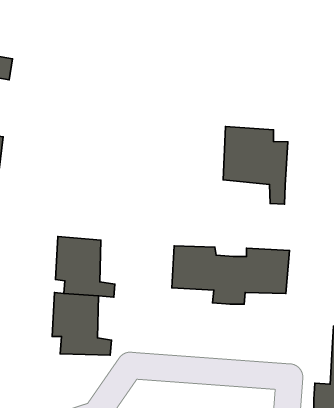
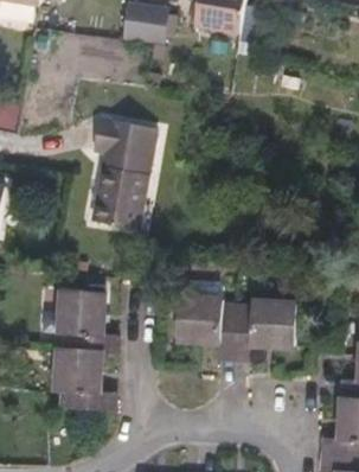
building: none -> [91,119,155,227]
building: [223,127,288,204] -> none

